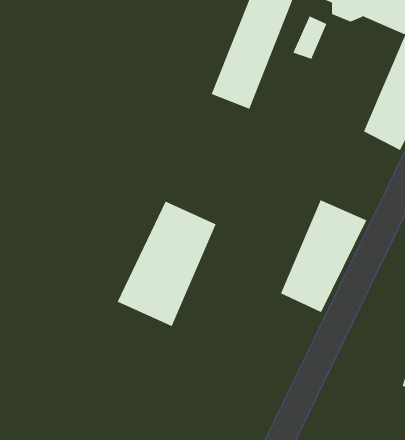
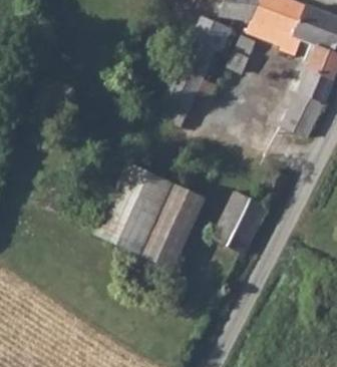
building: none -> [140,190,211,281]

